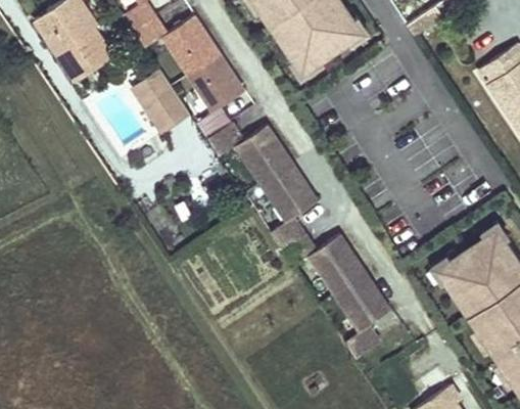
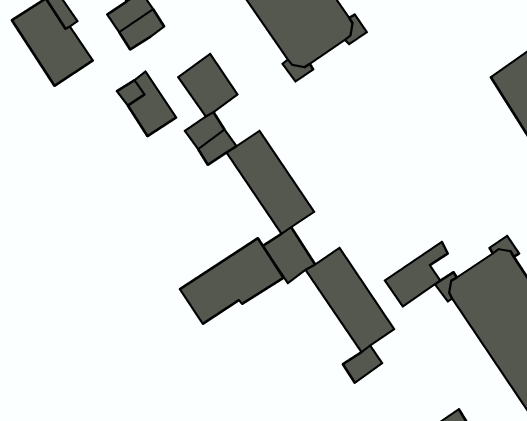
building: [164,16,220,75] -> none
building: none -> [180,238,283,324]
building: none -> [385,242,448,306]

